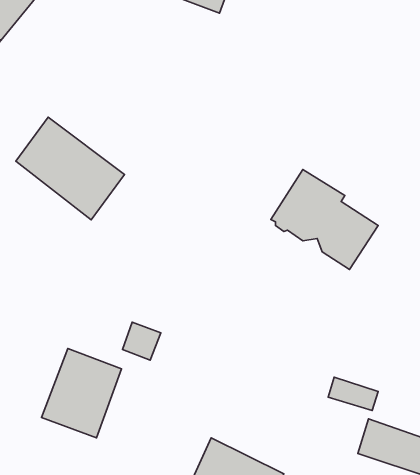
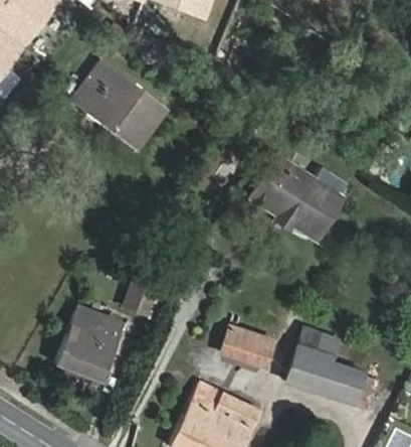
building: [16,117,125,220] -> [73,62,165,149]
building: none -> [222,327,273,367]
building: none -> [285,347,335,395]

